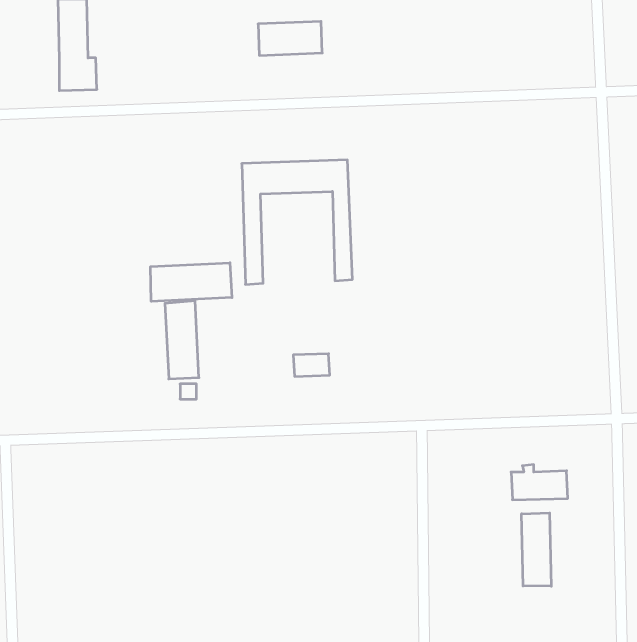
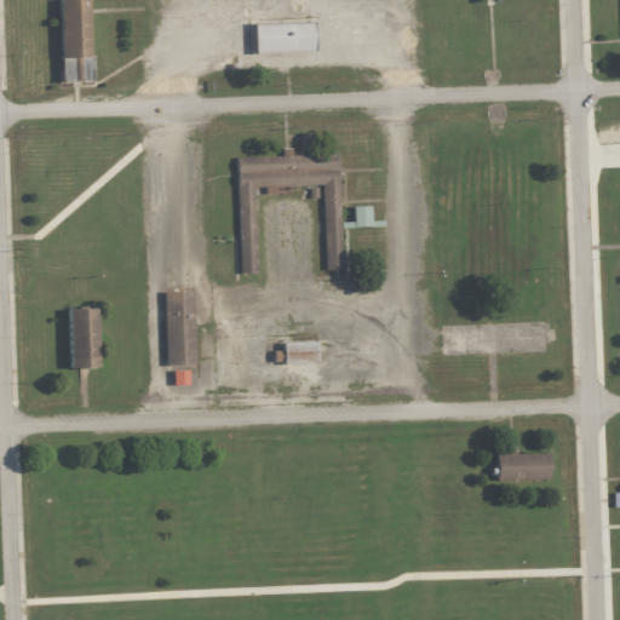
building: [151,263,232,301] -> none
building: none -> [69,310,98,369]
building: [522,513,551,586] -> none

